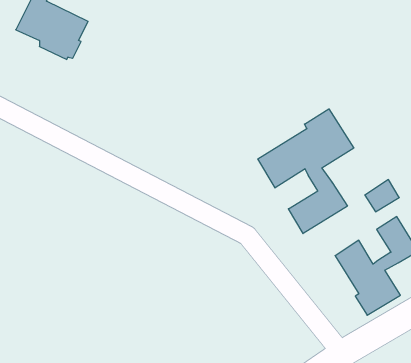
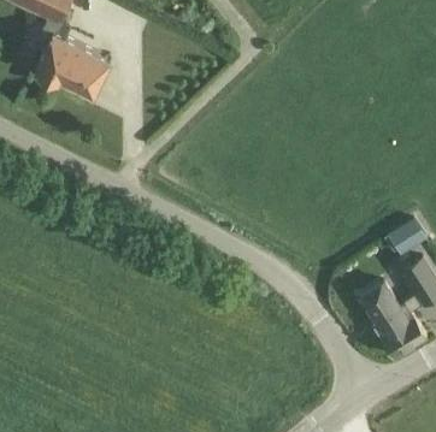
building: [258,109,354,234] -> none

